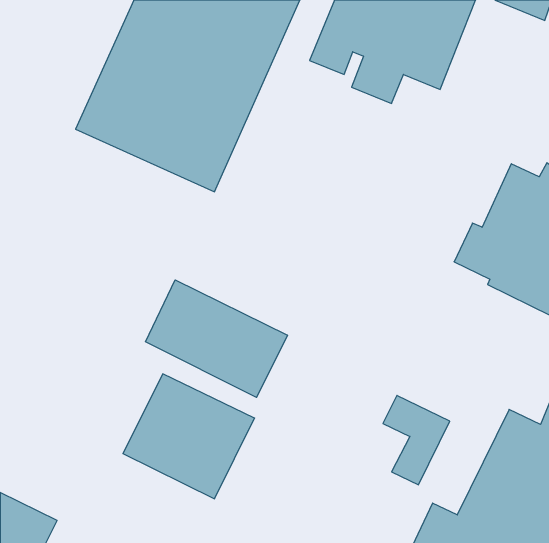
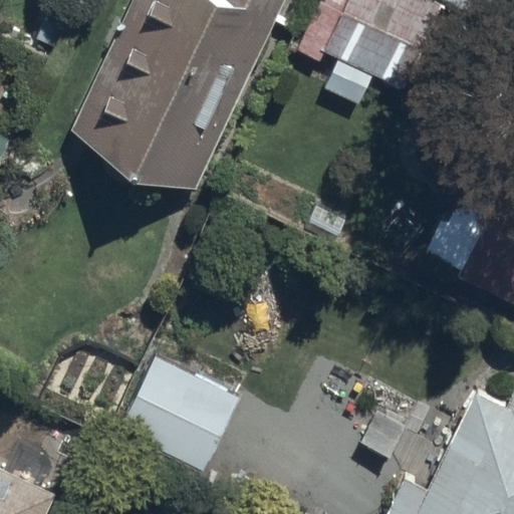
building: [145,280,287,397] -> none

